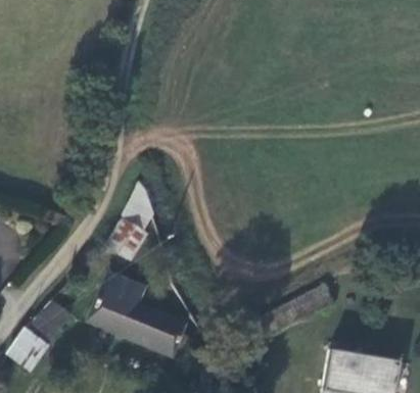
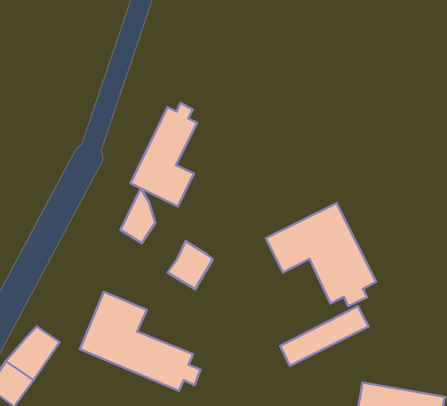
building: none -> [131,103,197,206]
building: none -> [266,203,376,306]
building: [107,219,146,260] -> [168,241,213,289]

